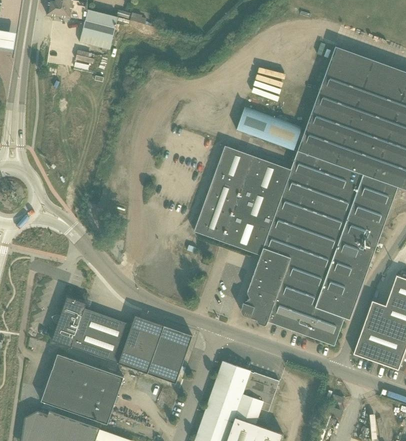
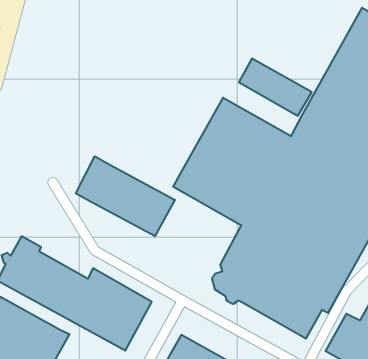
building: none -> [76,156,175,236]

